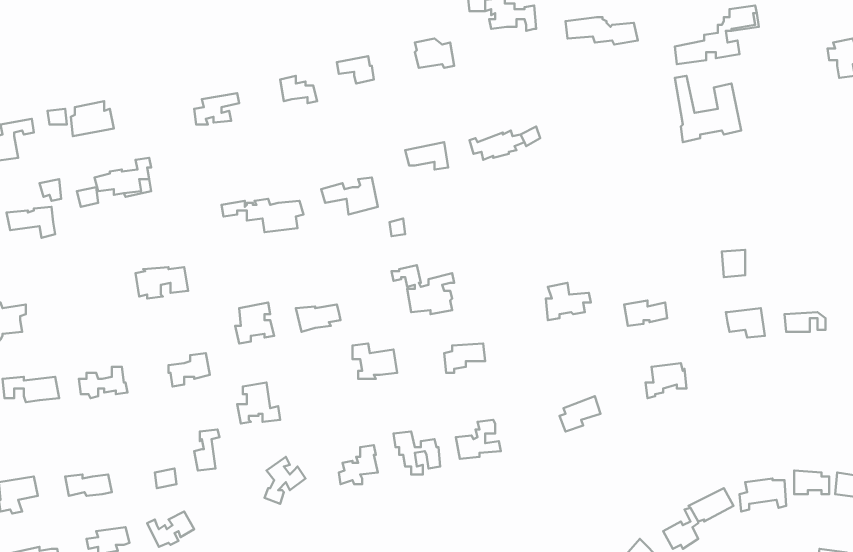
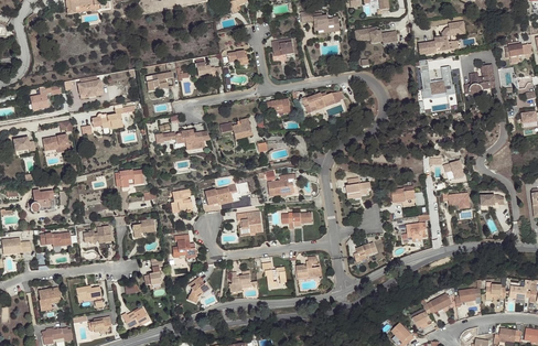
building: none -> [464,64,496,97]

